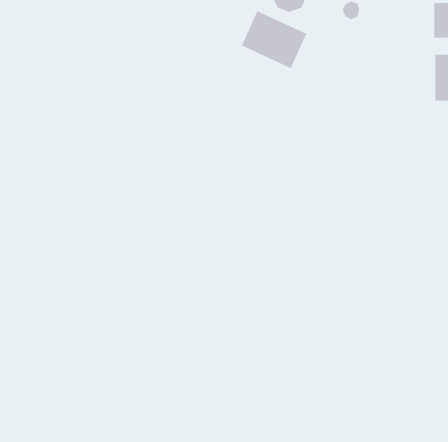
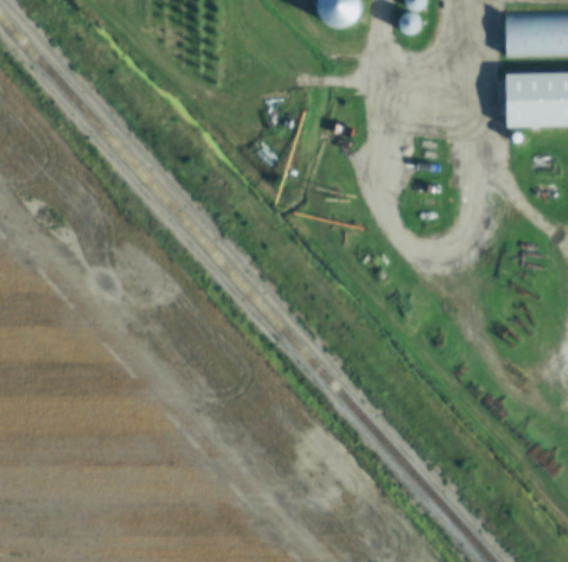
building: [241,10,307,69] -> none

